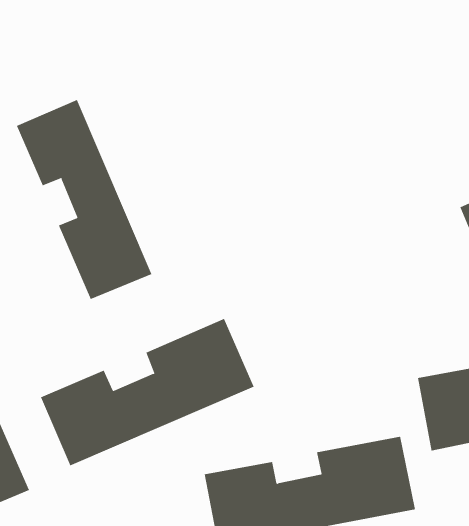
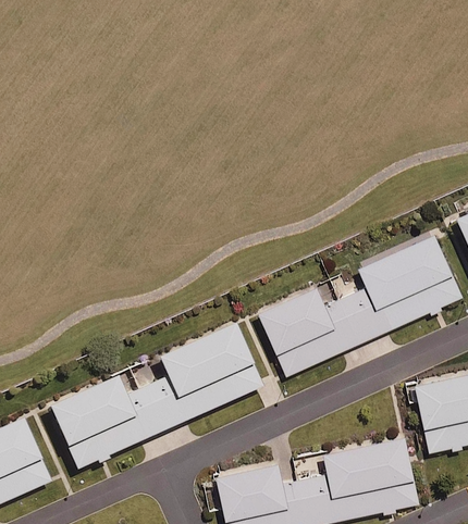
building: [16,99,152,300] -> none
building: none -> [259,239,461,379]

